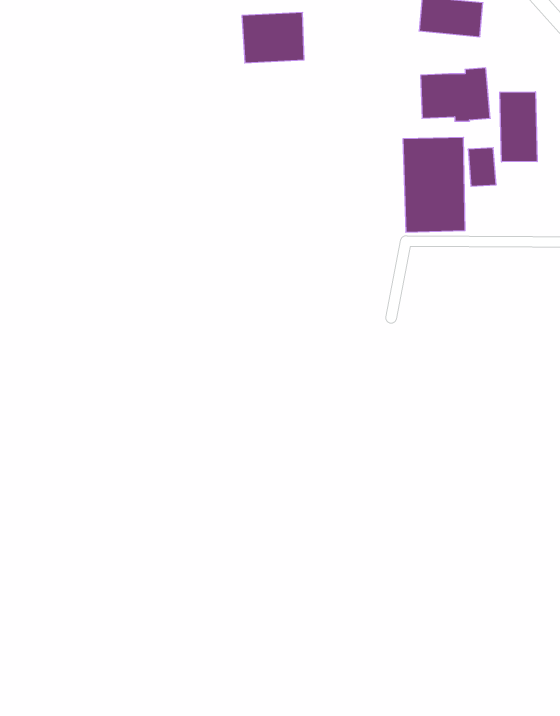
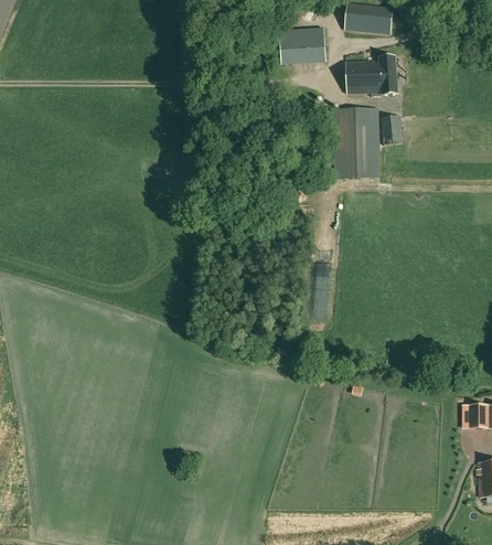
building: [242,13,304,63] -> [281,26,328,64]
building: [500,92,537,162] -> none

